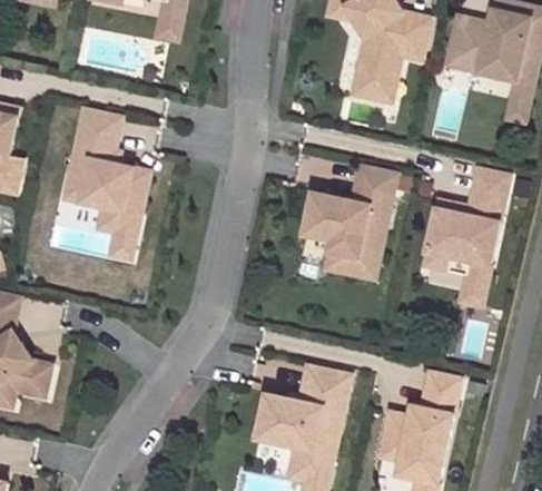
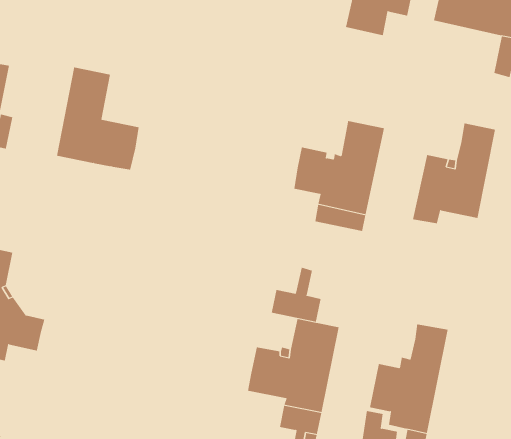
building: [351,70,395,101] -> none
building: [97,208,139,259] -> none
building: [450,256,491,305] -> none
building: none -> [271,267,321,322]

